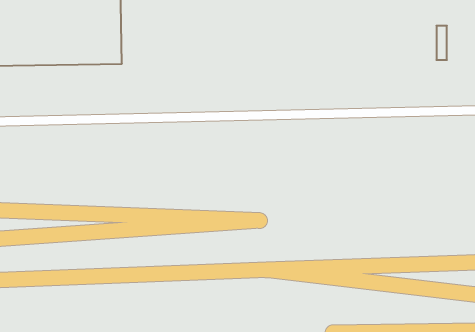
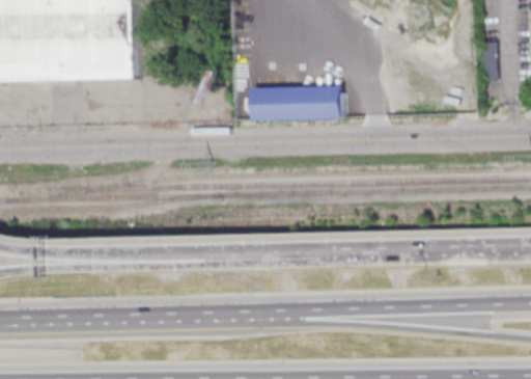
building: none -> [250,84,341,120]

